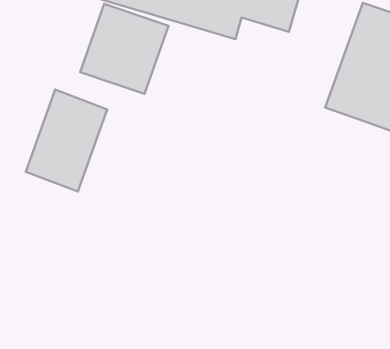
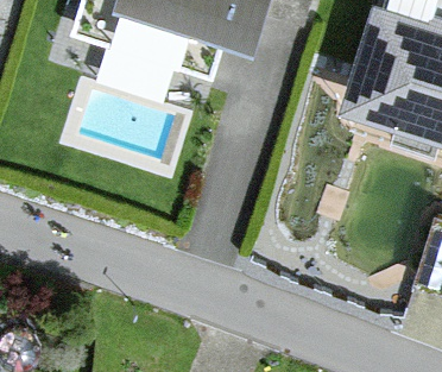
building: [26,89,107,192] -> none

